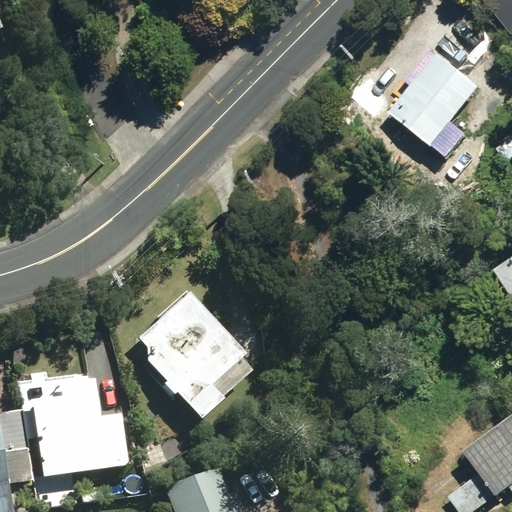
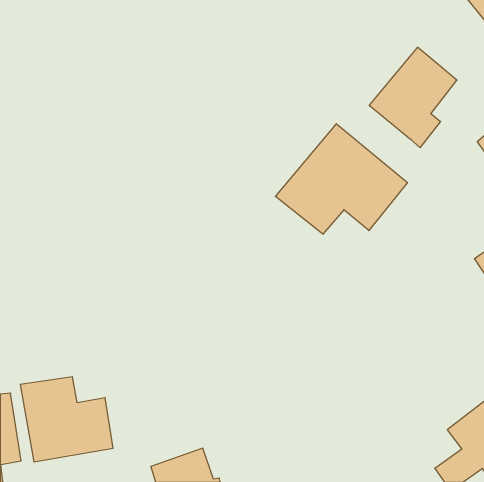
building: none -> [275,124,407,234]
building: [138,292,243,419] -> none

